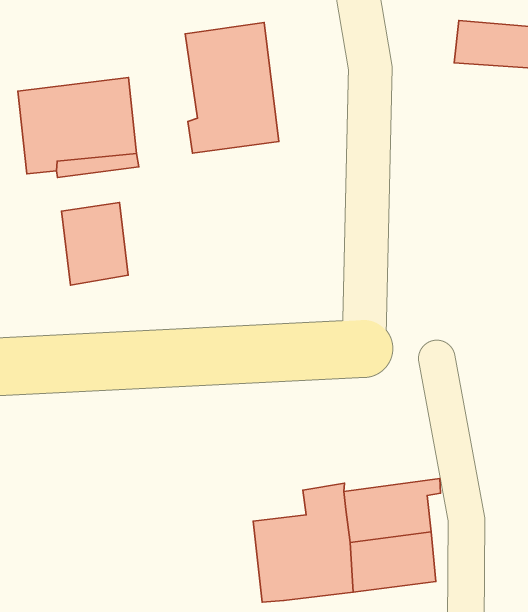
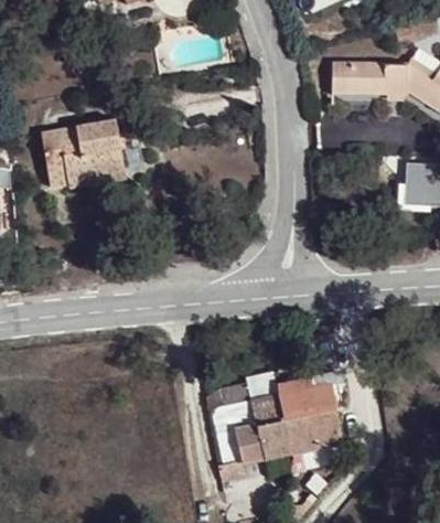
building: [185,23,279,153] -> none
building: [62,203,128,285] -> none

